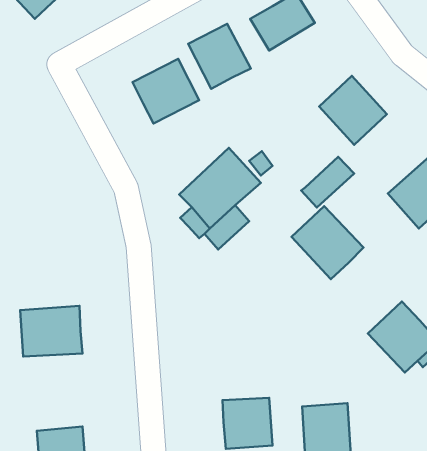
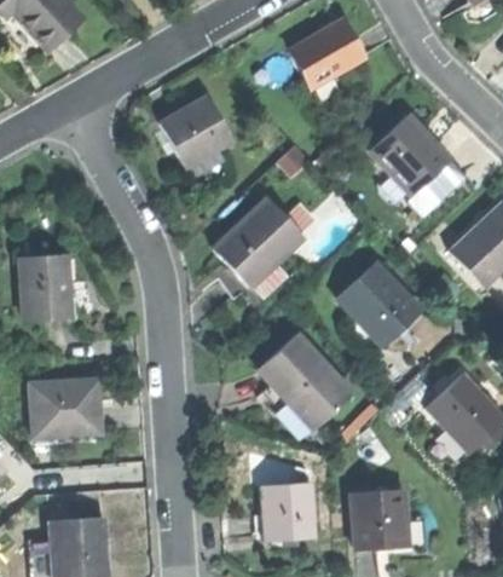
building: [188,24,251,89] -> none
building: [301,157,354,208] -> [405,158,466,217]
building: none -> [18,255,71,317]
building: none -> [260,336,352,431]

